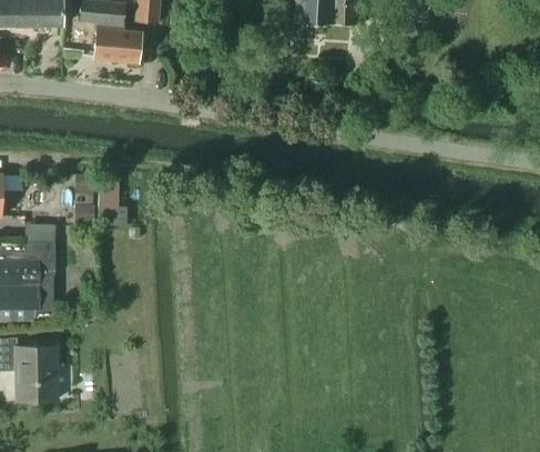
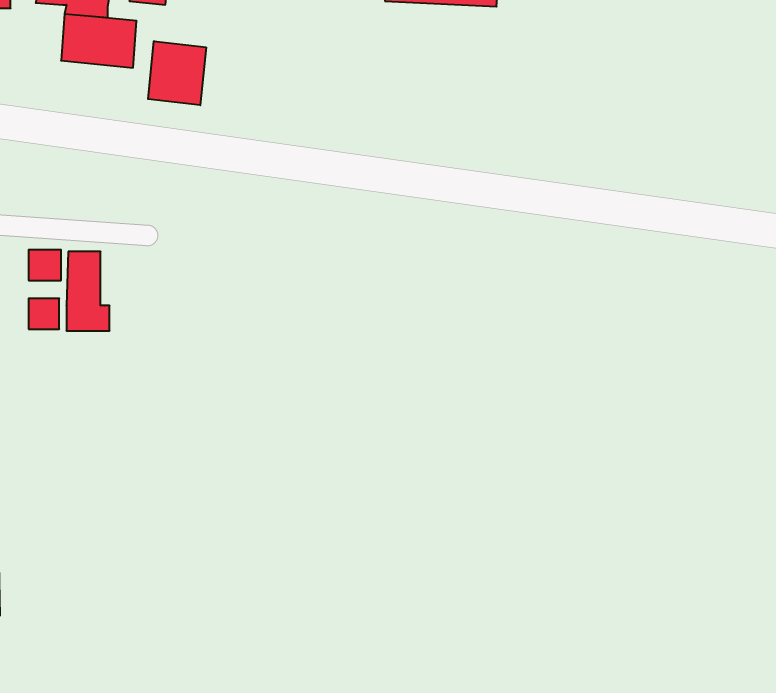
building: none -> [148,41,206,105]

